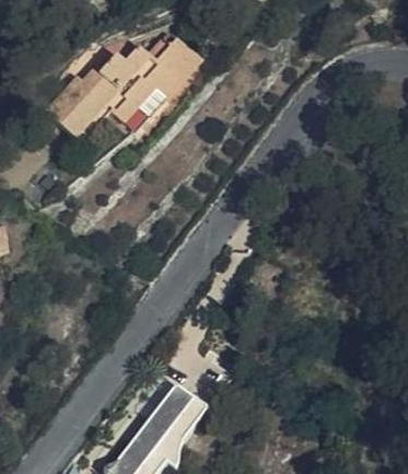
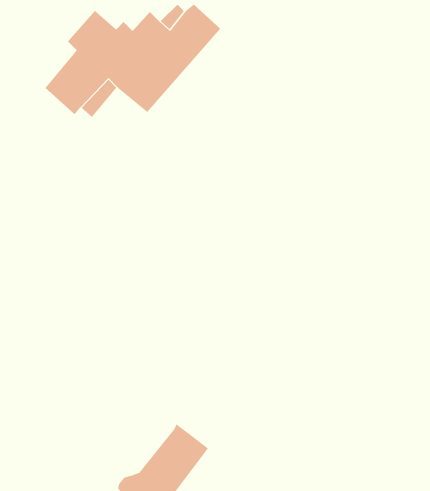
building: [162,379,211,428] -> none

